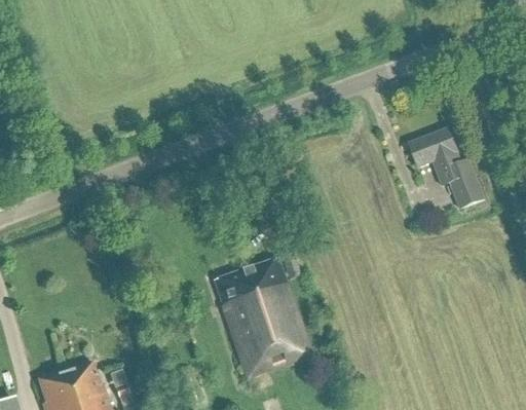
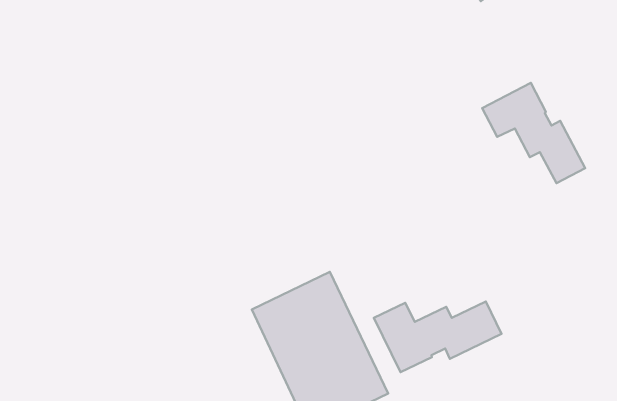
building: none -> [374,302,501,372]

